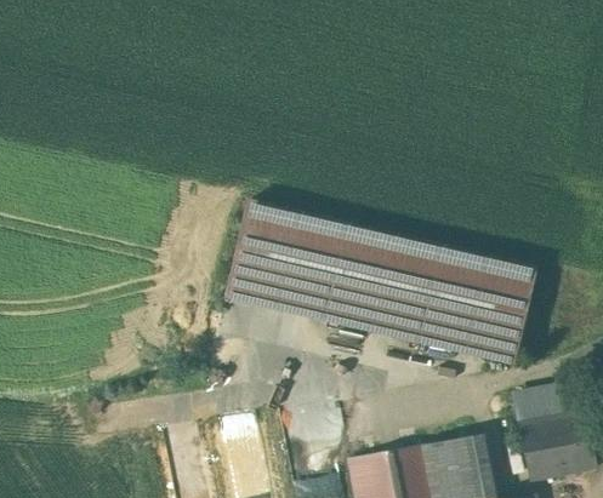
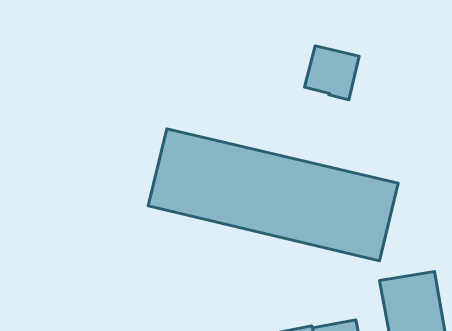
building: none -> [305,46,359,100]

